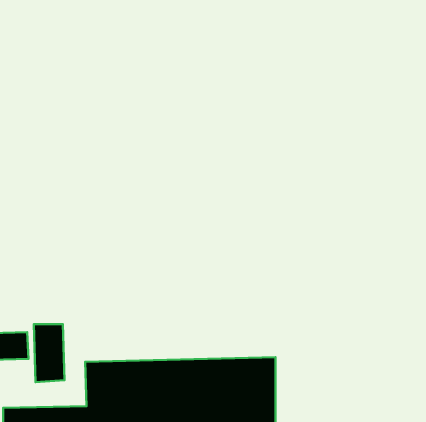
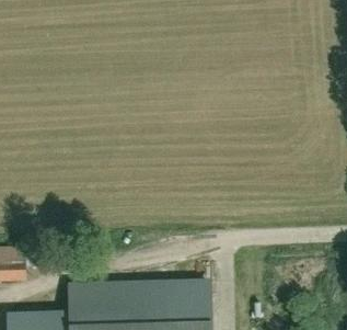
building: [34,324,65,382] -> none

